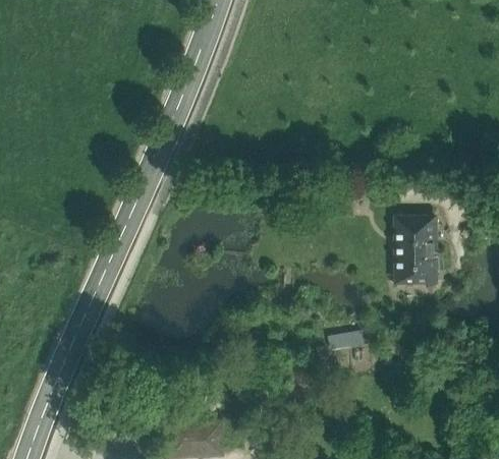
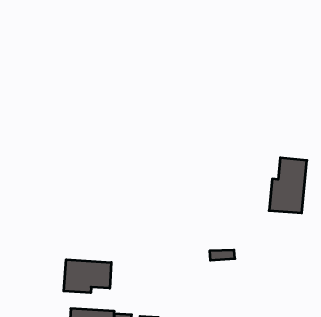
building: none -> [64,260,111,293]

